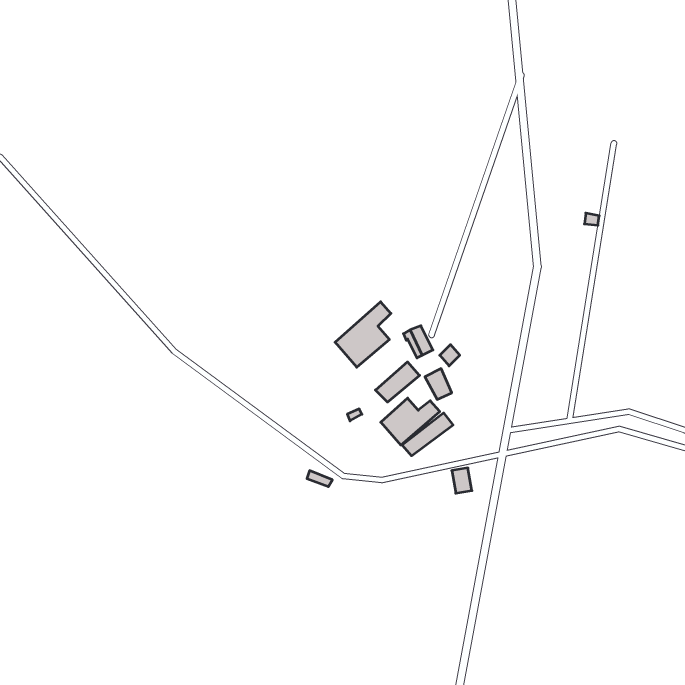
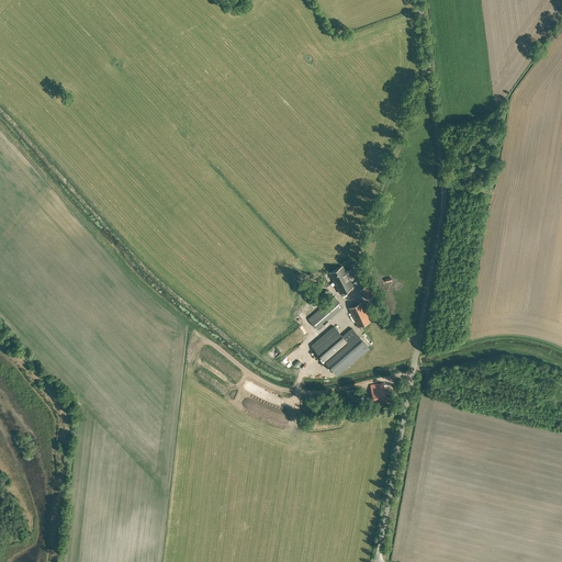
building: [335,302,391,367] -> none

